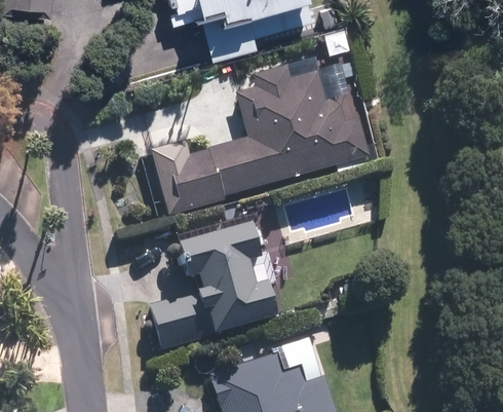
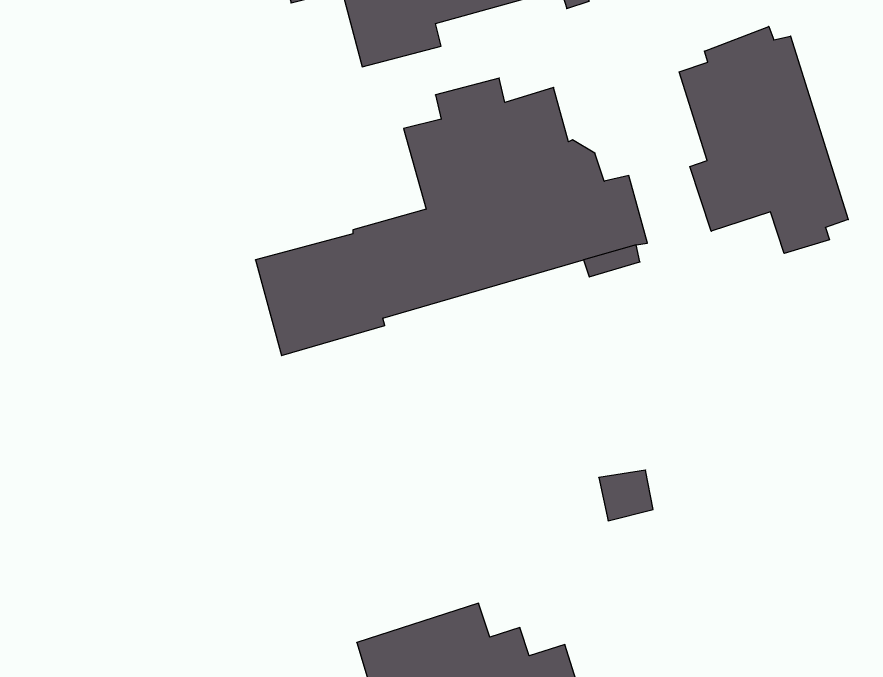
building: none -> [679,26,848,253]
building: [148,222,280,349] -> none

